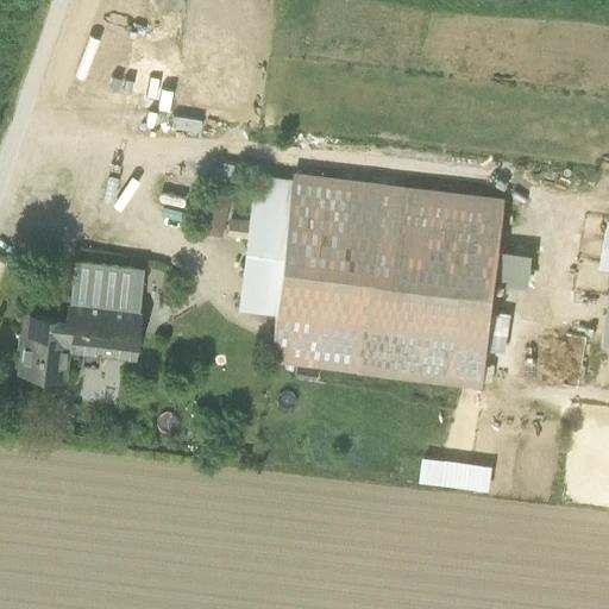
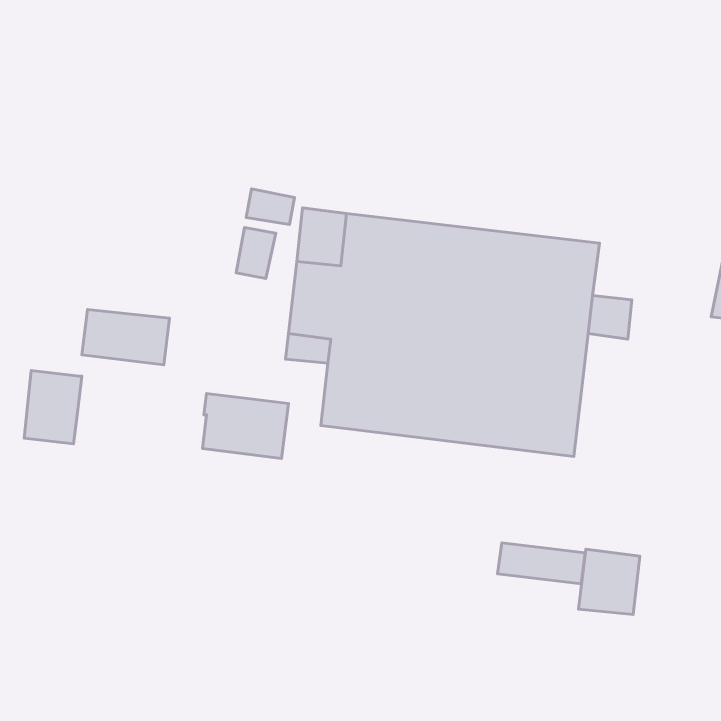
building: none -> [246,189,295,225]
building: [67,300,139,354] -> [202,394,289,459]
building: none -> [579,549,640,614]

